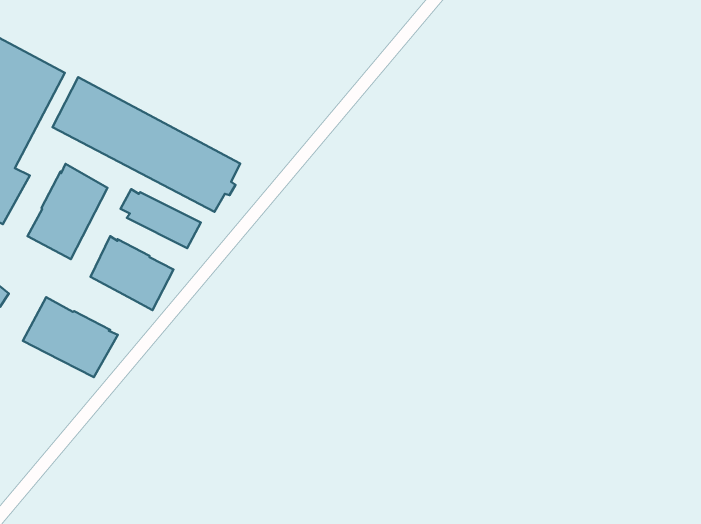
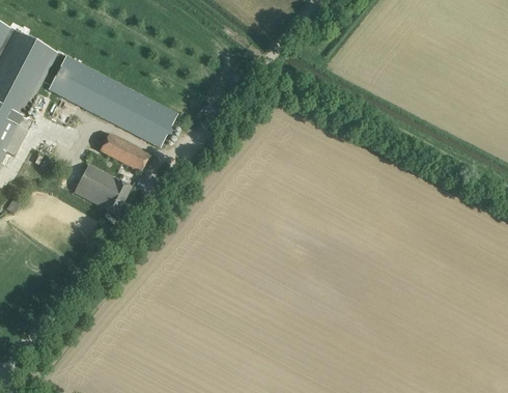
building: [28,164,107,259] -> none
building: [23,297,118,377] -> none

